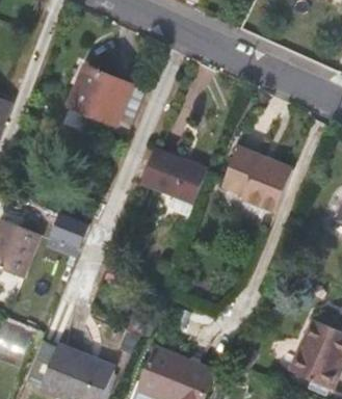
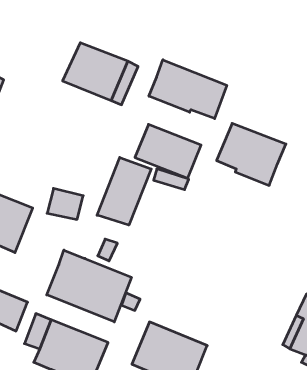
building: none -> [149,60,227,119]
building: none -> [97,157,151,225]
building: none -> [47,250,131,322]

